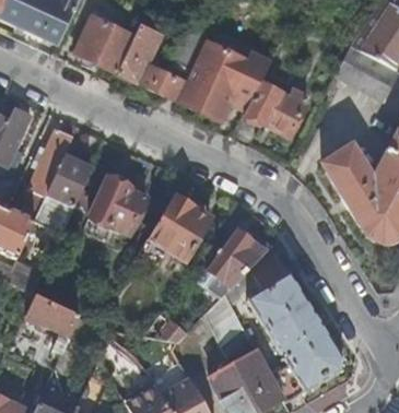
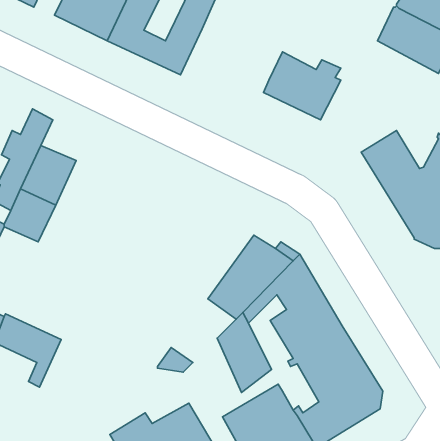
building: [177,52,270,121] -> none
building: [84,176,146,238] -> none
building: [140,193,211,263] -> none

